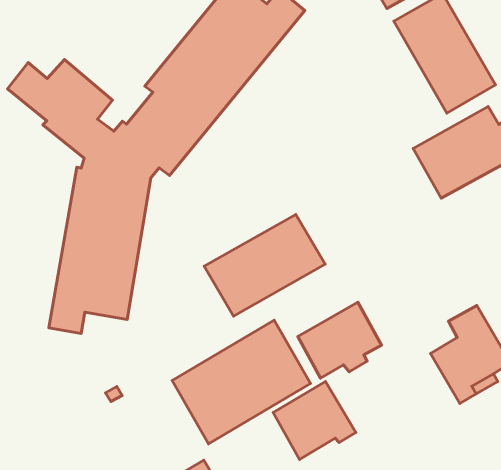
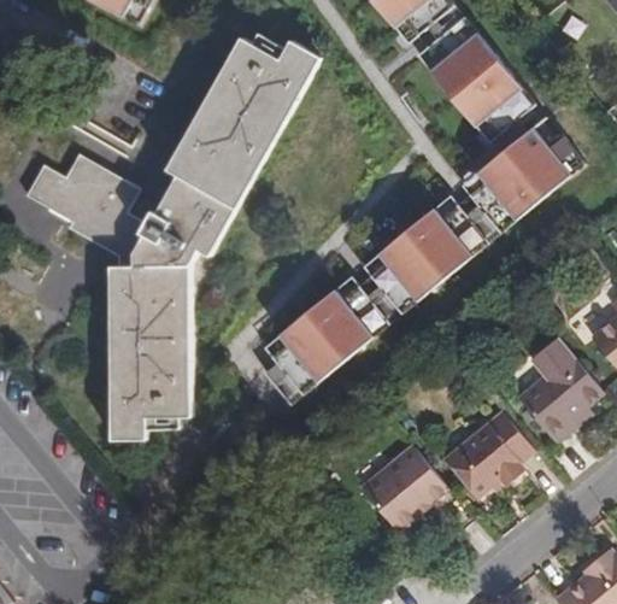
building: none -> [362,194,487,313]
building: [298,302,381,378] -> [443,411,533,498]
building: [172,320,311,444] -> none

